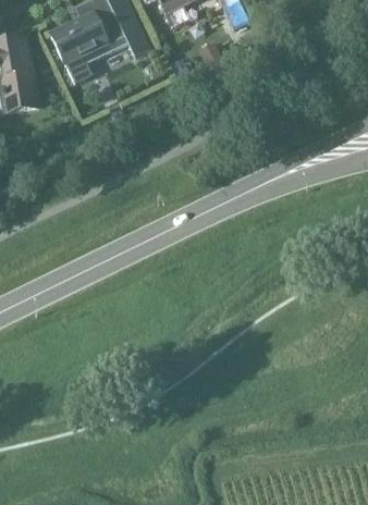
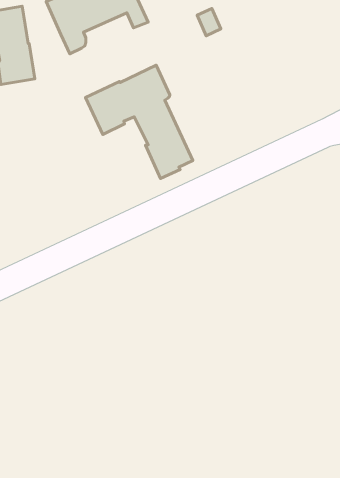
building: none -> [86,65,193,179]

